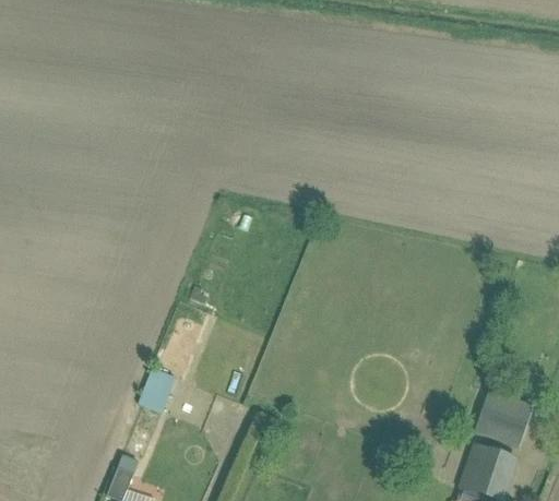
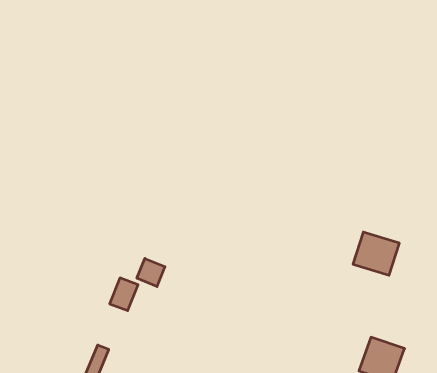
building: none -> [137,258,165,287]
building: [474,394,533,449] -> [353,232,399,275]

